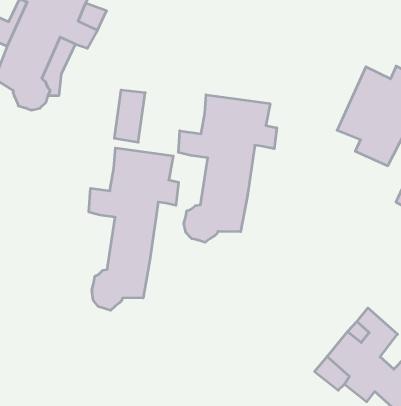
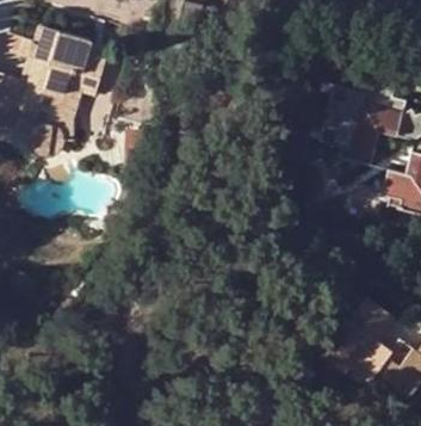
building: [178,95,277,242] -> none
building: [89,148,179,310] -> none

